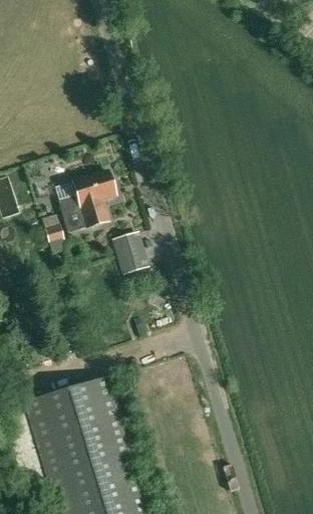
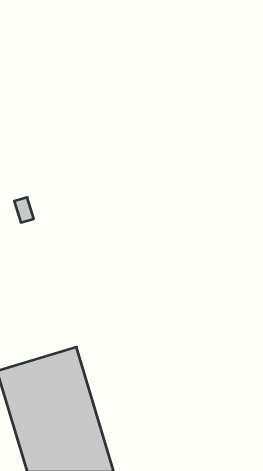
building: [57,171,114,233] -> none
building: [110,230,148,273] -> none

